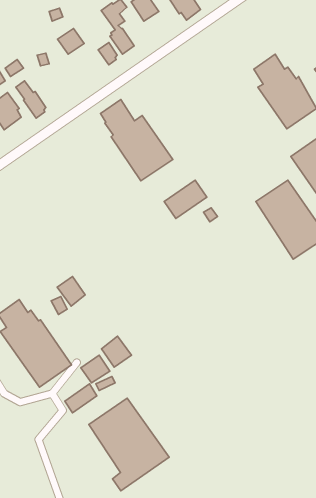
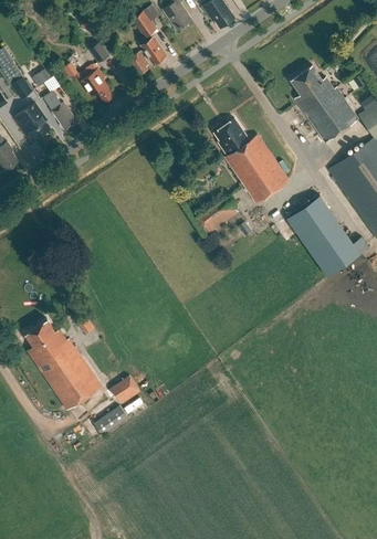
building: none -> [80,70,113,103]
building: [100,100,173,181] -> [213,118,289,202]
building: [57,276,85,306] -> none
building: [102,336,131,367] -> none
building: [89,398,169,491] -> none

